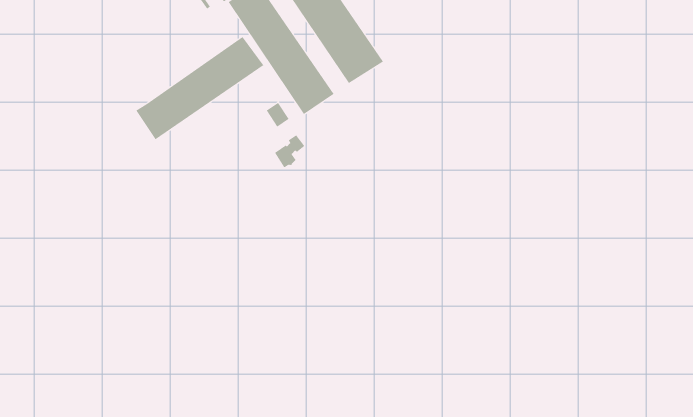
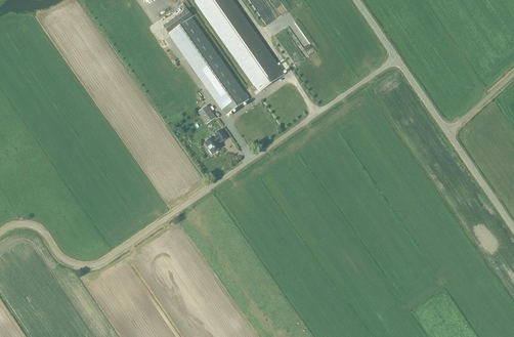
building: [135,36,264,140] -> none

